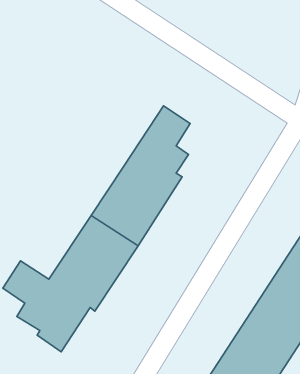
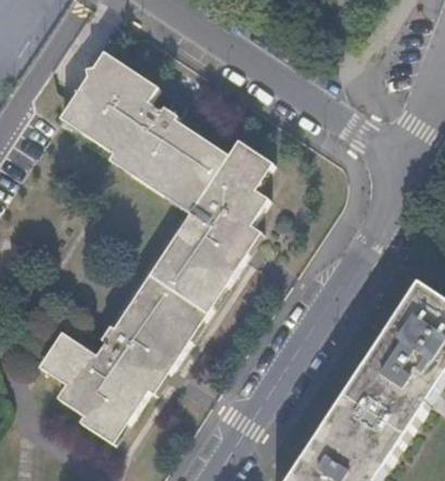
building: none -> [60,50,229,214]

